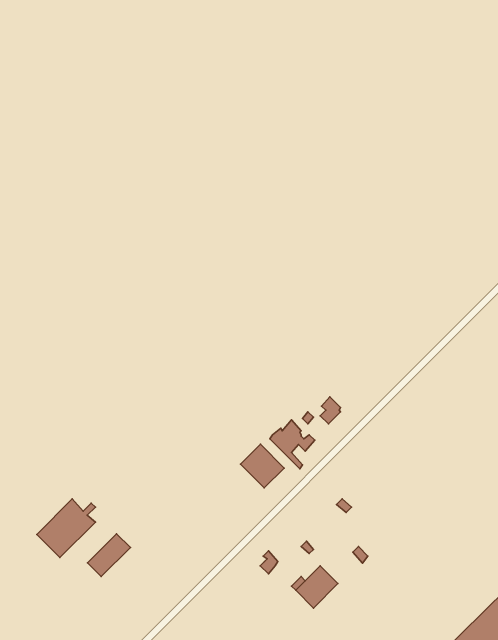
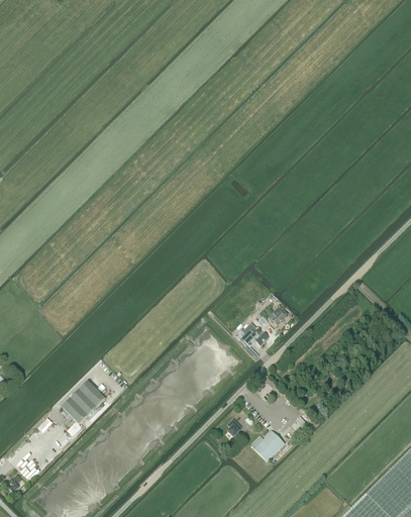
building: [241,444,284,488] -> none
building: [87,534,130,577] -> none

